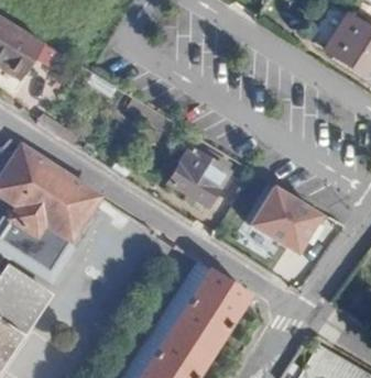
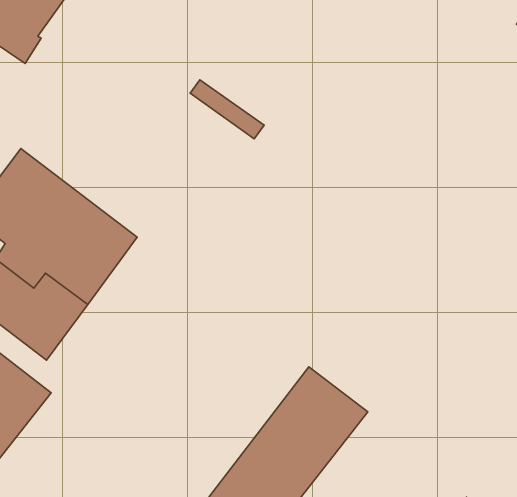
building: [167,144,228,203] -> none
building: [245,185,313,256] -> none

